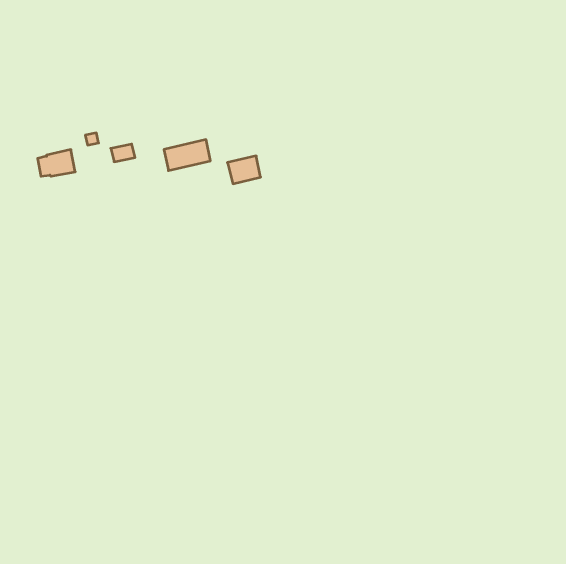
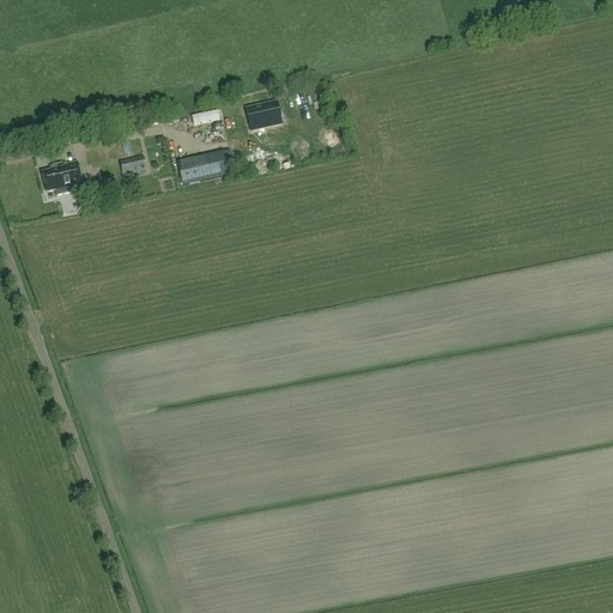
building: [227,156,261,184] -> [245,101,281,131]

